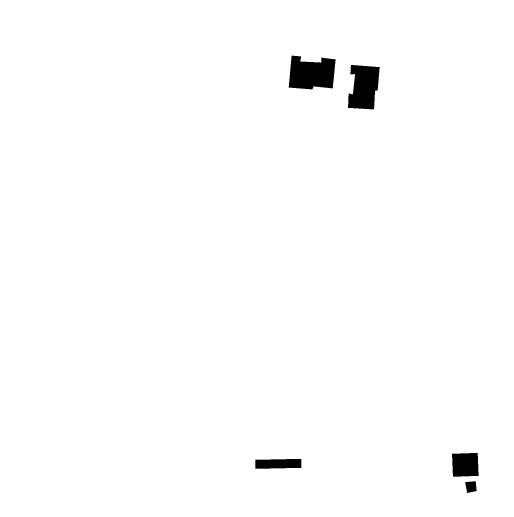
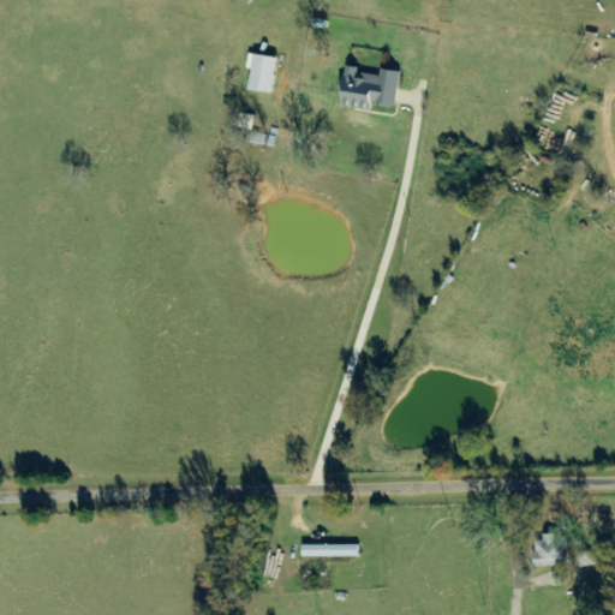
building: none -> [245,52,276,92]
building: [347,64,381,110] -> none

